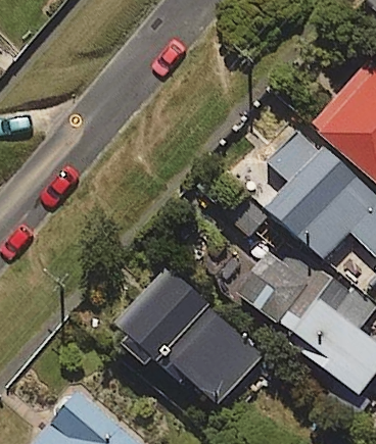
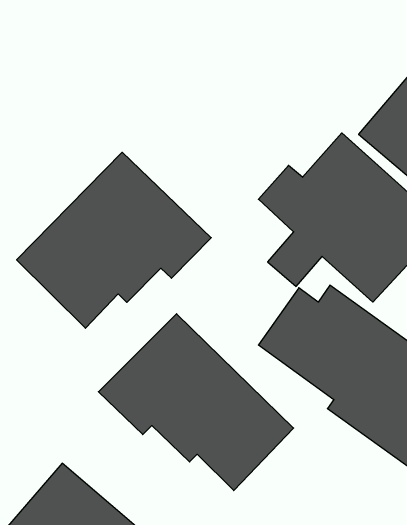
building: none -> [17,152,211,328]

